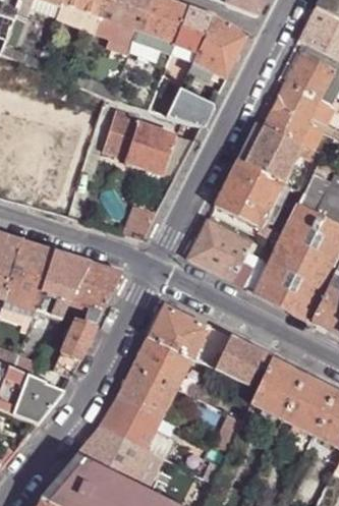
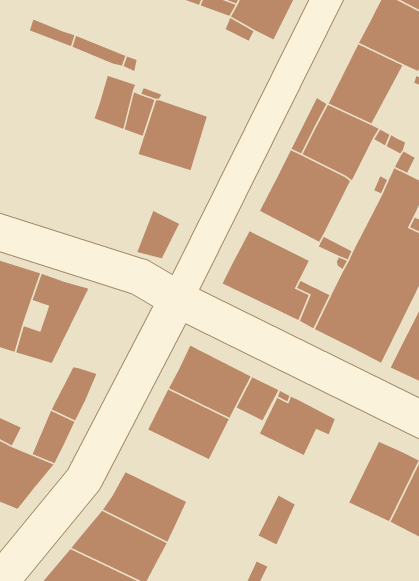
building: [169,89,214,126] -> none
building: [69,262,122,325] -> none
building: [250,358,303,420] -> none
building: [116,367,178,419] -> none

